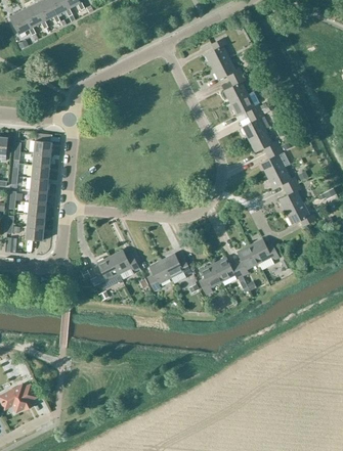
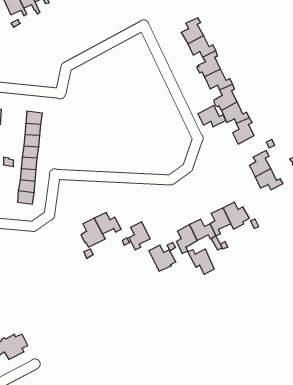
building: [266,167,297,190] -> [198,105,226,127]
building: [161,255,190,283] -> [149,245,176,271]
building: none -> [188,249,214,274]

